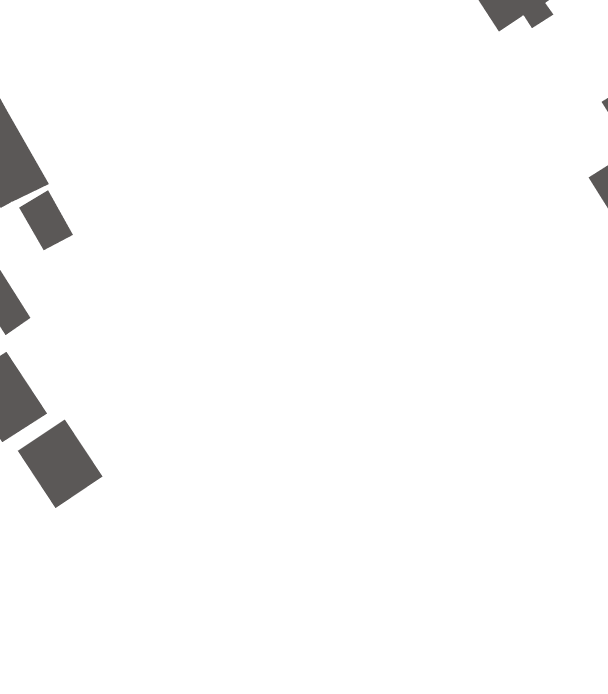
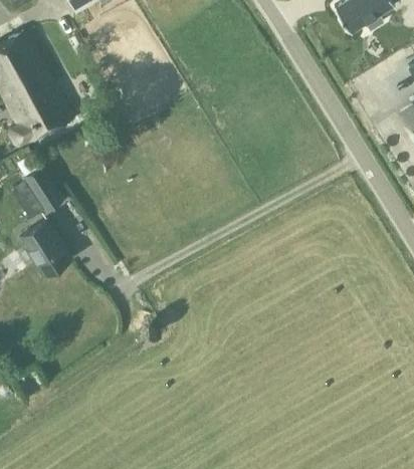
building: [18,189,74,251] -> none
building: [17,418,103,509] -> none

